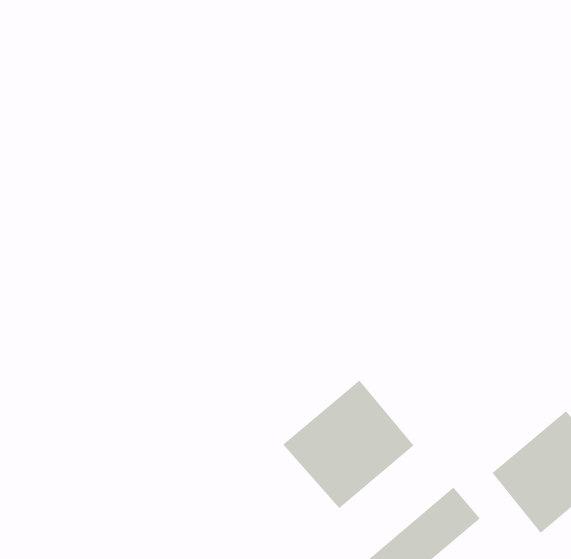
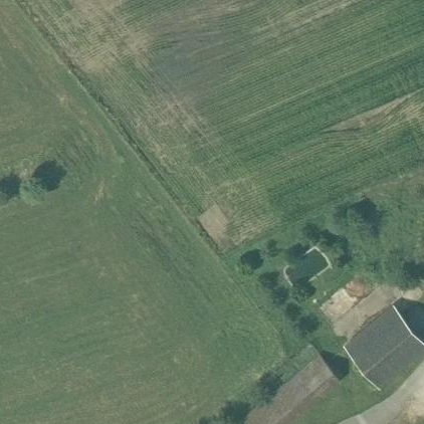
building: [282,379,415,509] -> none

